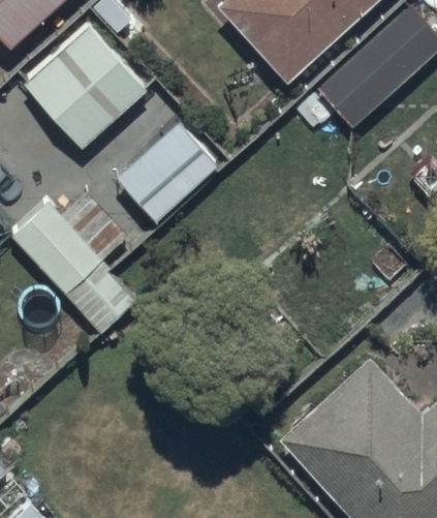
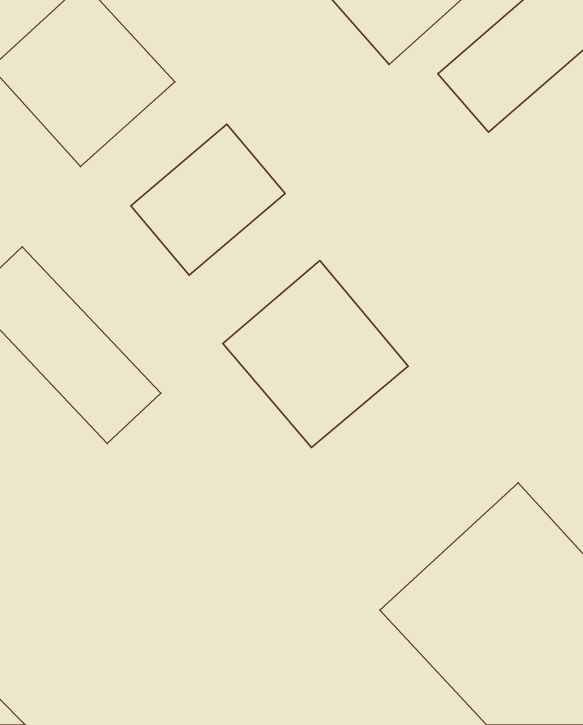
building: none -> [223,261,408,448]

